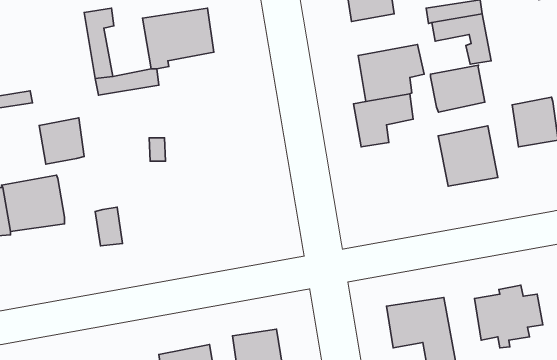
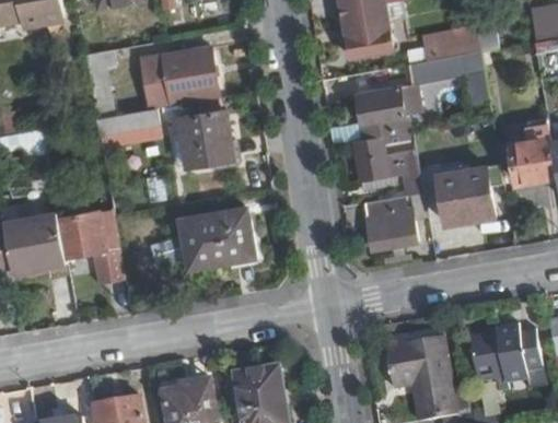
building: [430,65,485,112] -> none
building: none -> [177,108,232,166]
building: [39,118,84,164] -> [58,210,103,256]
building: none -> [362,196,417,252]
building: none -> [181,210,253,266]

